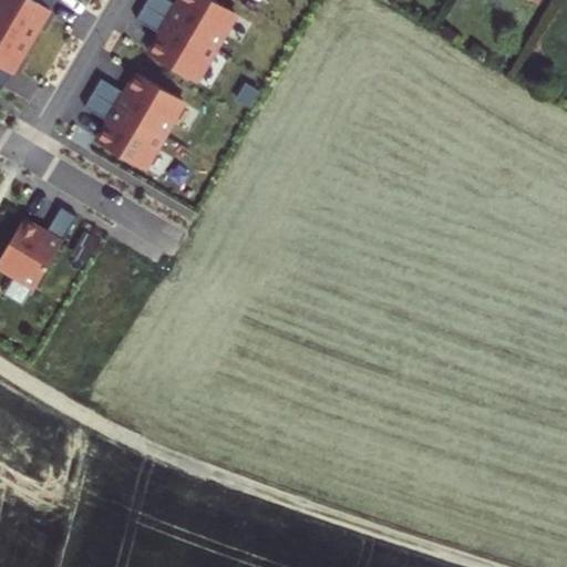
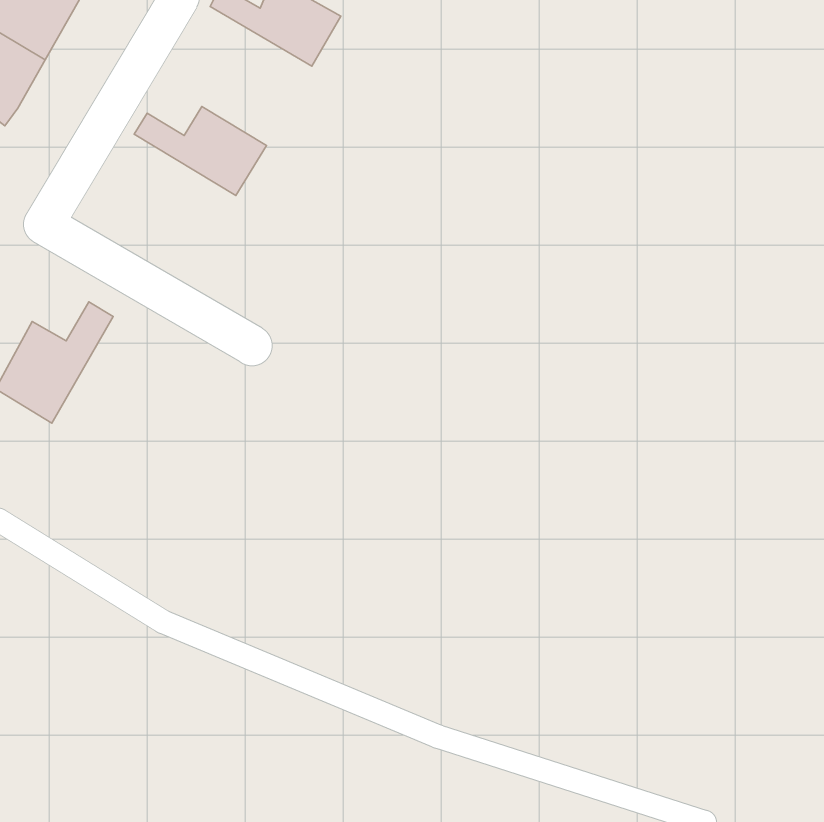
building: [136,4,214,80] -> none
building: [84,92,162,168] -> none

